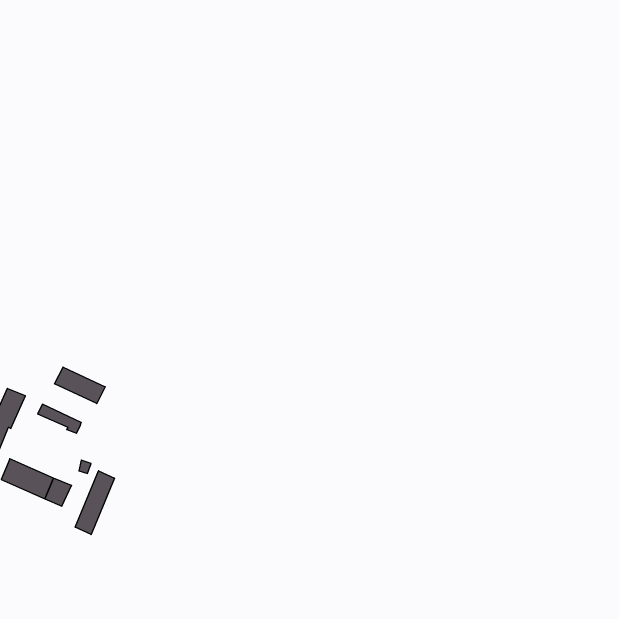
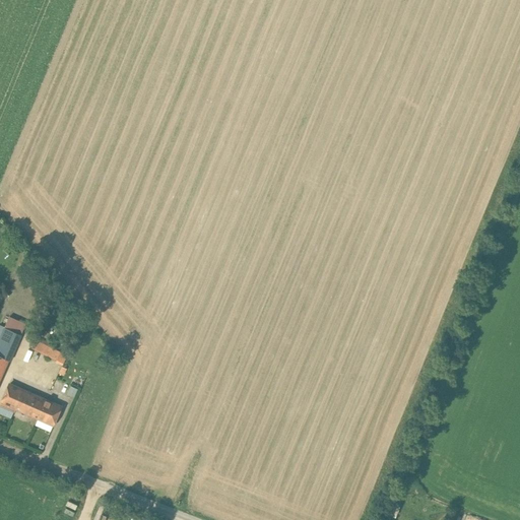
building: [55,367,105,404] -> none
building: [75,471,114,535] -> none

